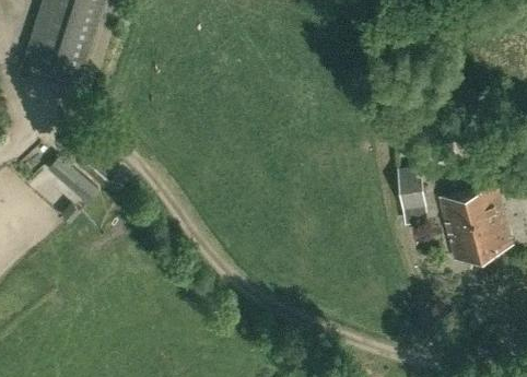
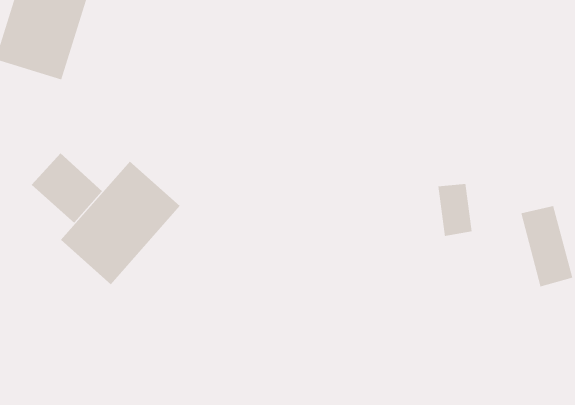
building: none -> [60,161,181,285]
building: [440,195,483,263] -> none

